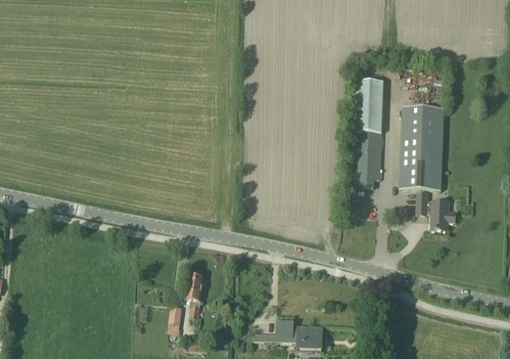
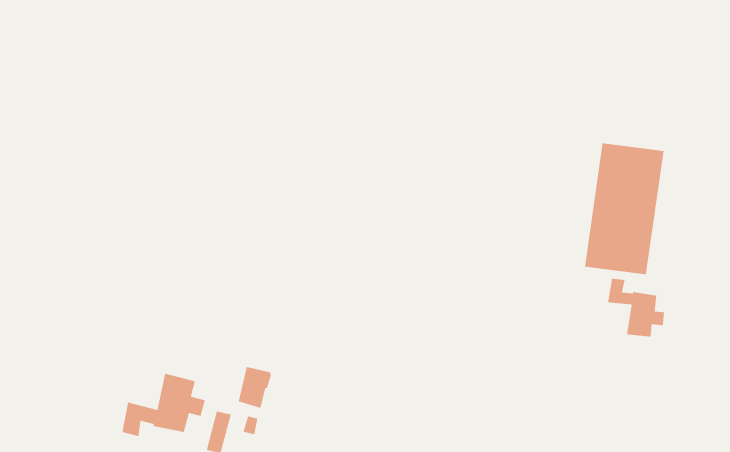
building: [352,79,384,185] -> none
building: none -> [121,373,206,437]

